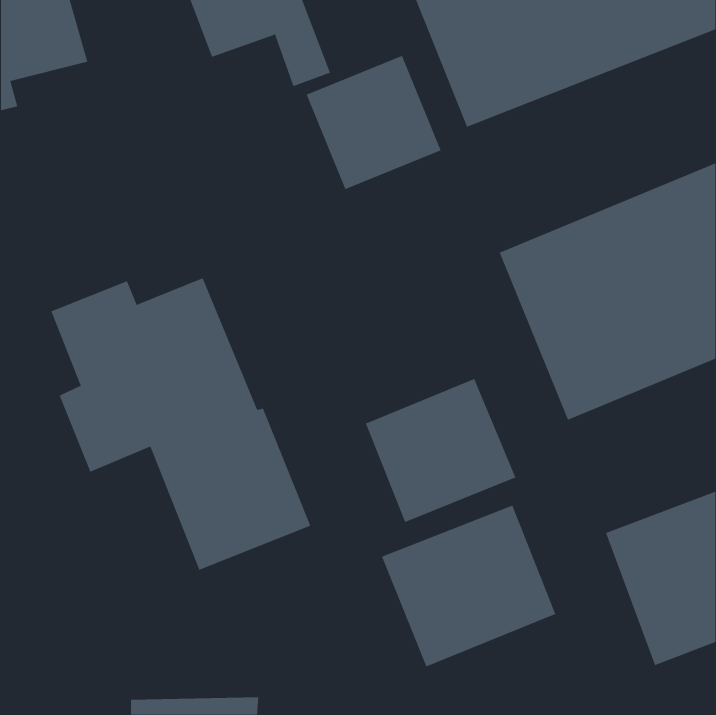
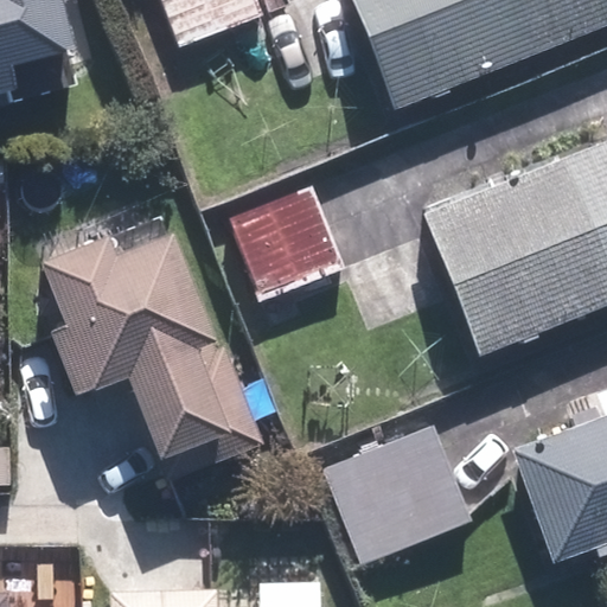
building: [306,55,442,190] -> [230,185,345,299]
building: [365,378,516,523] -> none

